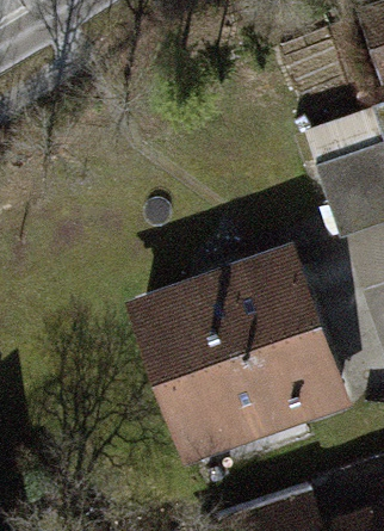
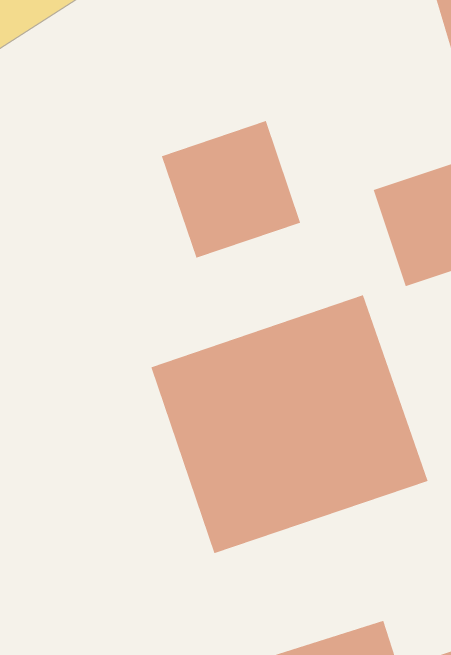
building: none -> [161,120,301,259]

